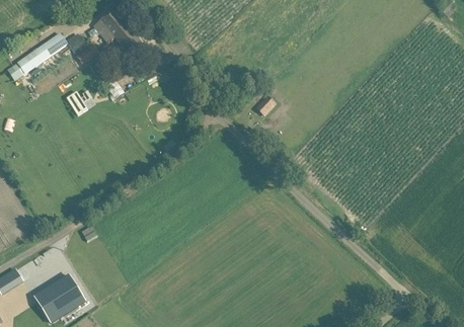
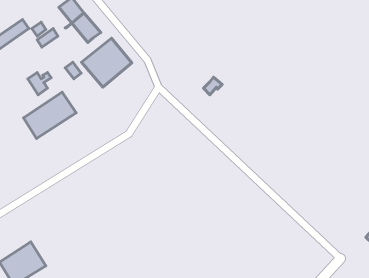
building: none -> [82,38,132,87]
building: none -> [23,92,76,138]

